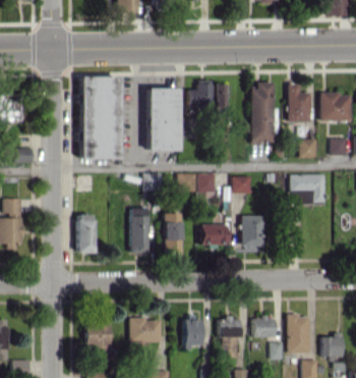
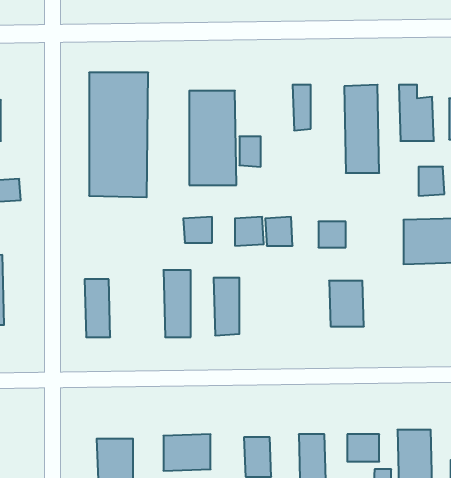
building: [188,80,214,108] -> none
building: [200,224,228,245] -> none

